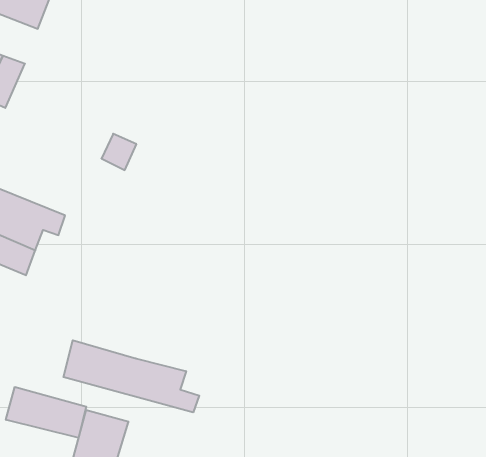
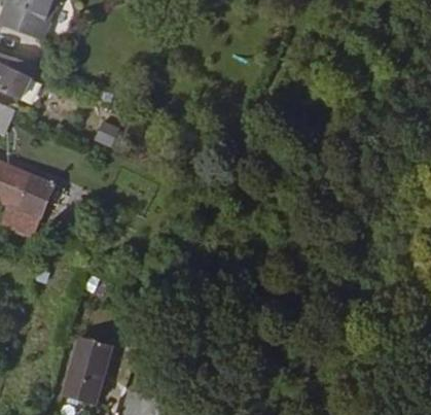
building: [63,340,199,412] -> none
building: [6,387,86,438] -> none

